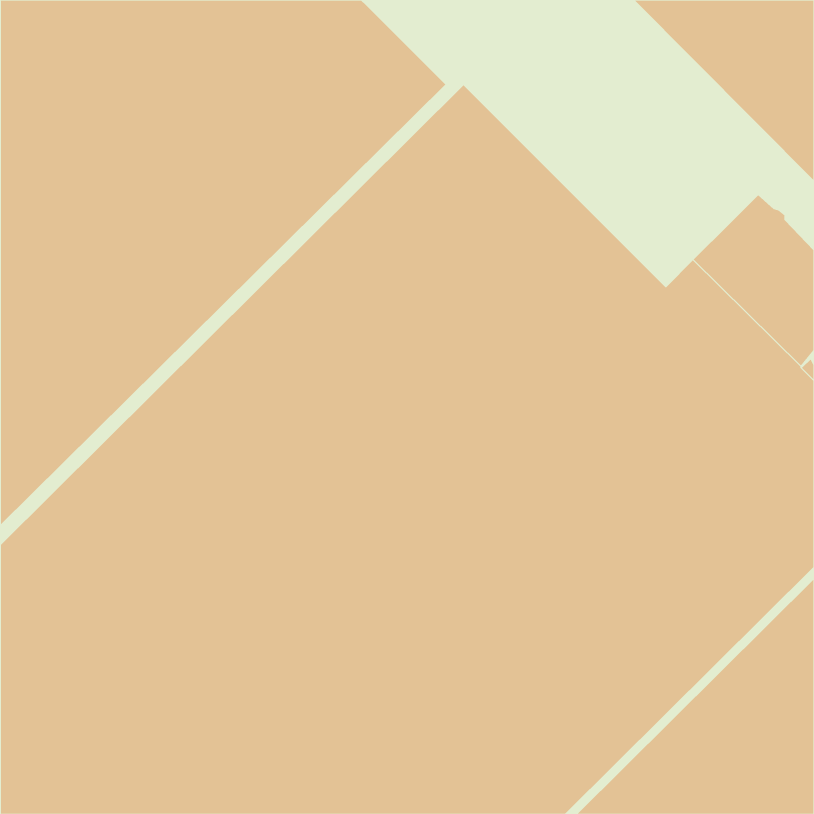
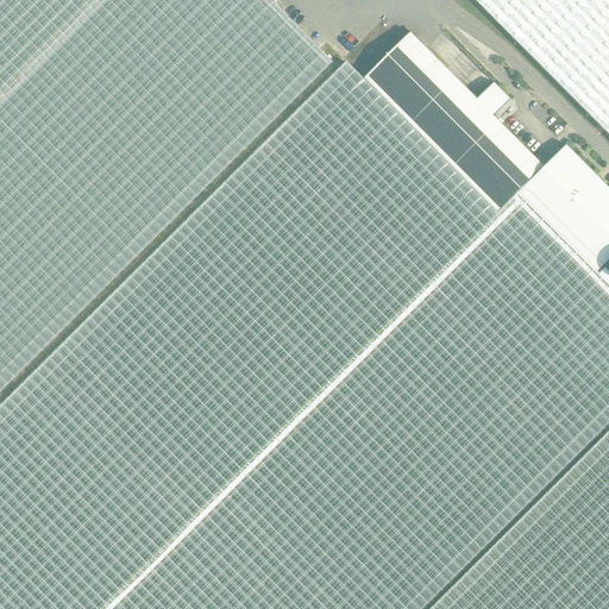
building: none -> [363,32,545,214]

